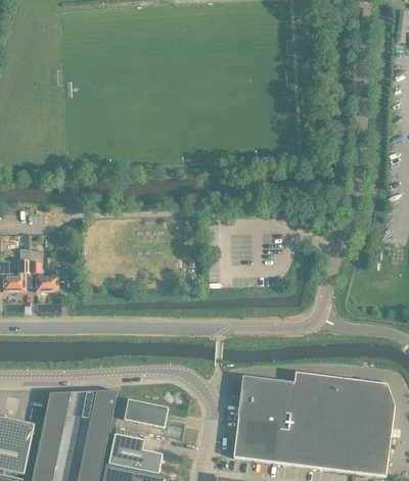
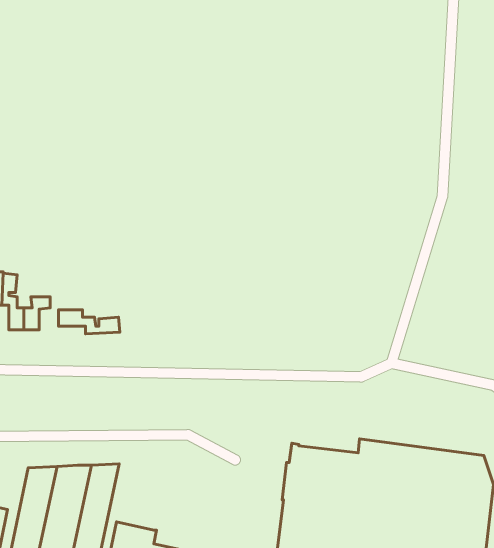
building: none -> [58,310,120,334]
building: [124,398,168,427] -> none

